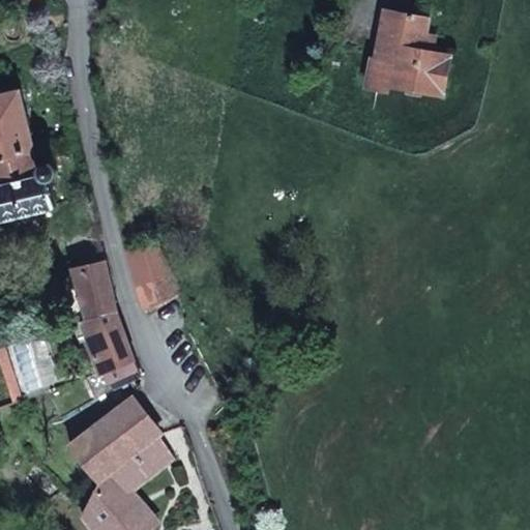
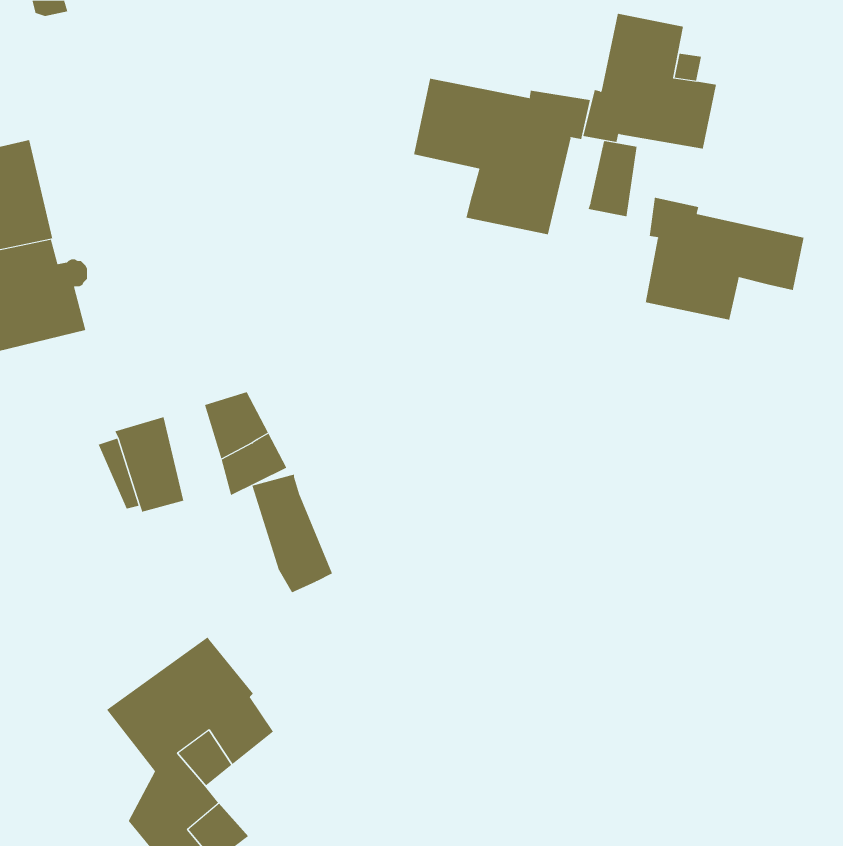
building: none -> [414,78,591,235]
building: none -> [588,140,637,217]
building: none -> [645,197,804,320]
building: [88,314,139,388] -> [252,474,333,593]

